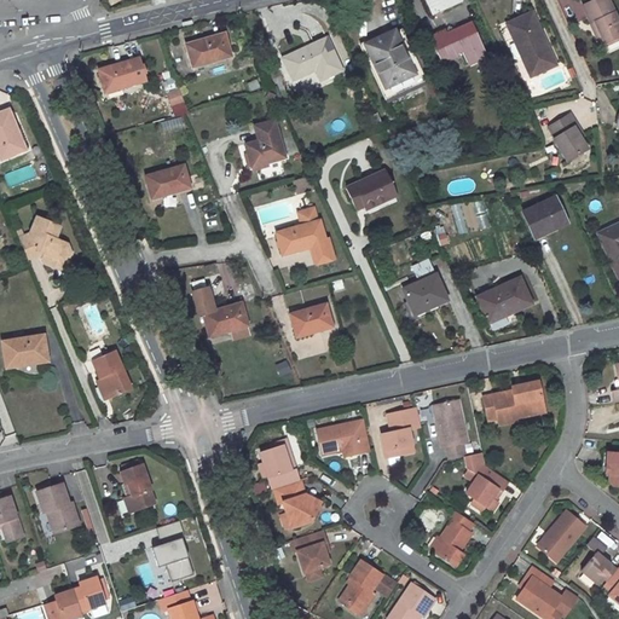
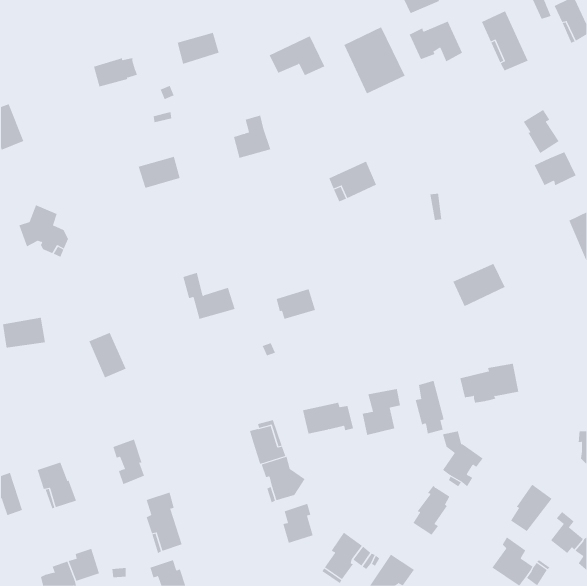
building: [522,197,567,233] -> [534,151,576,186]
building: [276,208,334,264] -> none
building: [403,273,447,313] -> none

